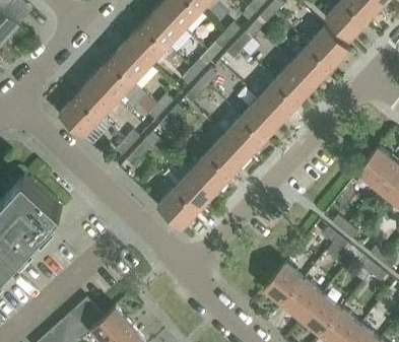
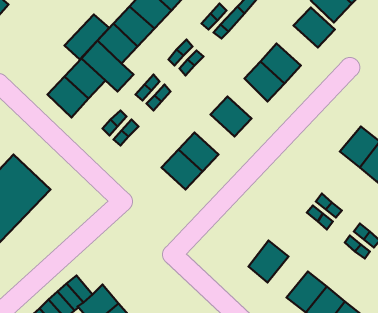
building: none -> [65,15,109,60]
building: [291,45,333,85] -> none
building: [242,98,282,139] -> none
building: [208,135,249,176] -> none
building: [157,189,199,229] -> none
building: [282,279,323,321] -> none

